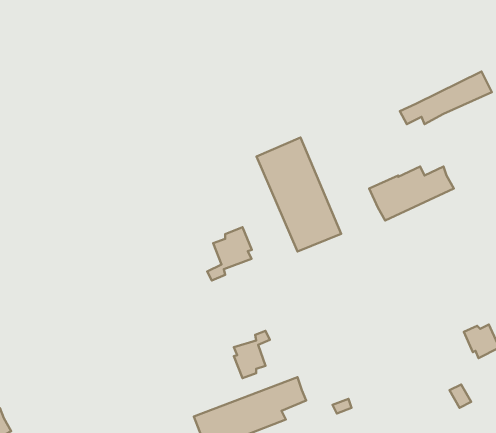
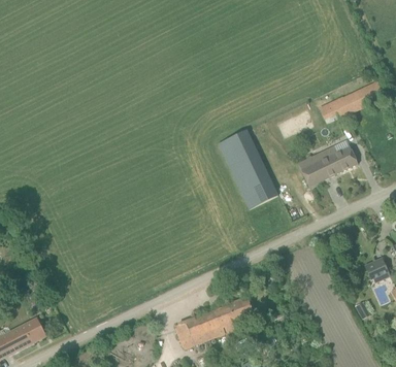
building: [207,227,252,280] -> none
building: [234,331,270,378] -> none

